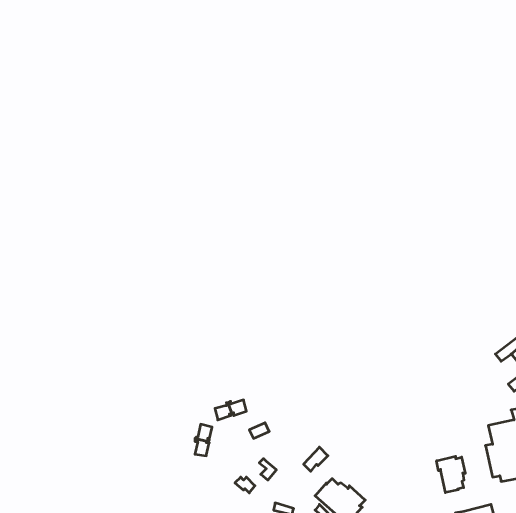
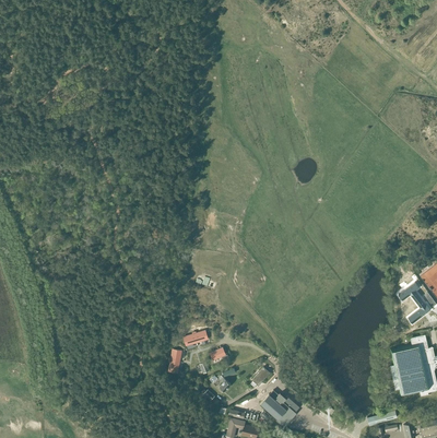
building: [437,456,465,493] -> none

